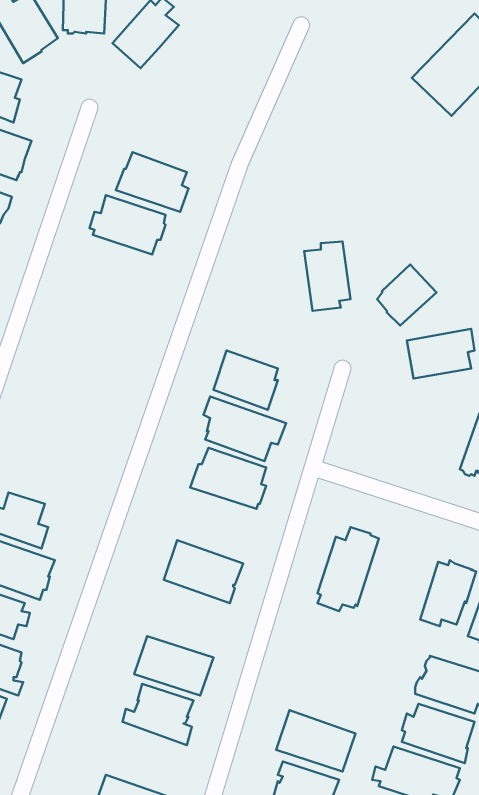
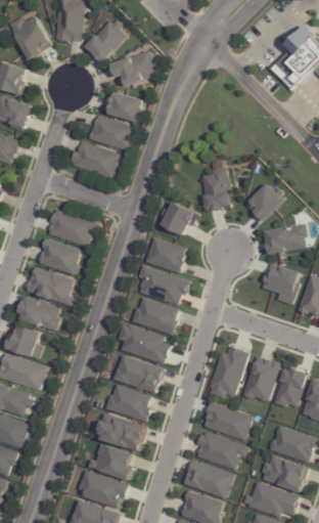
building: none -> [109,50,153,86]
building: none -> [105,91,140,122]
building: none -> [161,202,198,235]
building: none -> [48,210,97,247]
building: none -> [39,238,81,274]
building: none -> [262,263,300,305]
building: none -> [27,267,73,305]
building: none -> [17,296,59,332]
building: none -> [118,324,170,363]
building: none -> [243,356,280,401]
building: none -> [106,385,151,421]
building: none -> [204,402,252,440]
building: none -> [196,432,247,469]
building: none -> [79,470,128,508]

